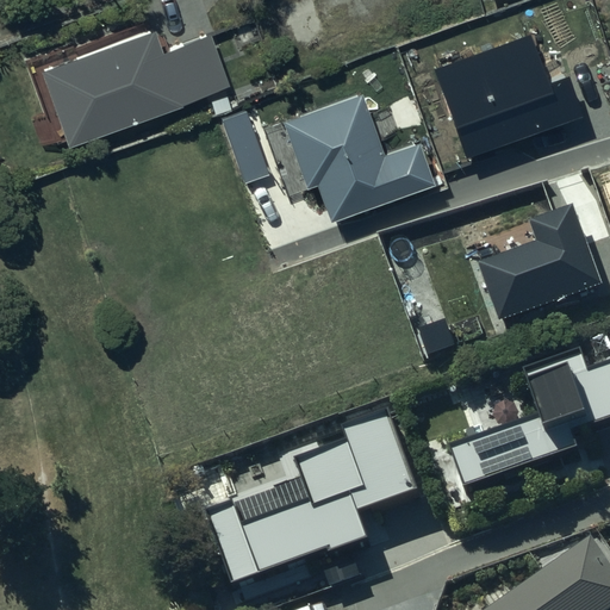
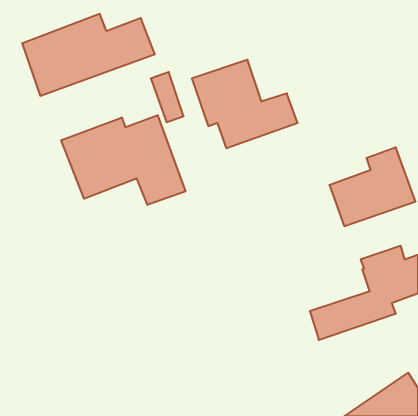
building: [435,31,584,155] -> none
building: none -> [61,115,185,205]
building: [208,421,418,593] -> none

